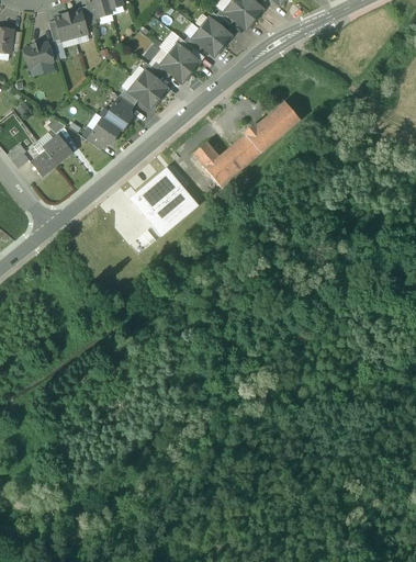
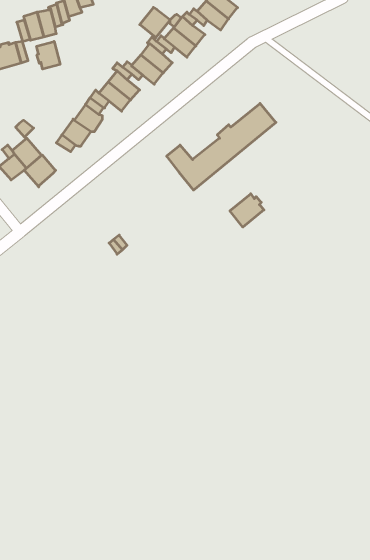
building: none -> [140,7,171,38]
building: none -> [37,41,60,69]
building: none -> [24,155,56,187]
building: [132,169,198,234] -> none
building: none -> [230,194,264,227]

